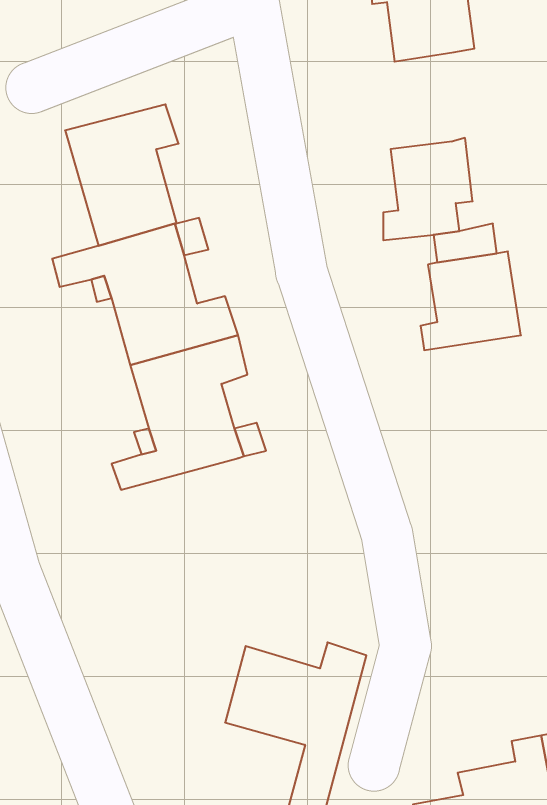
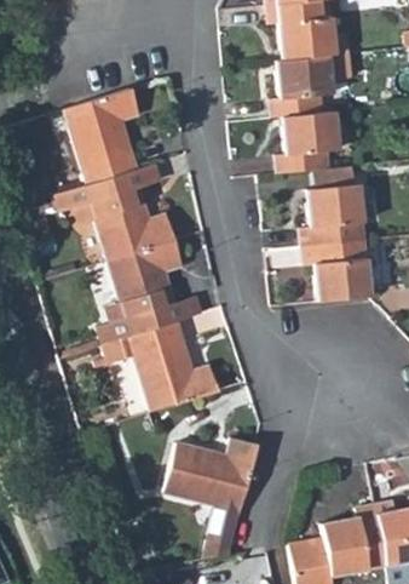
building: none -> [266,52,346,121]
building: none -> [298,241,369,304]
building: none -> [100,321,218,412]

